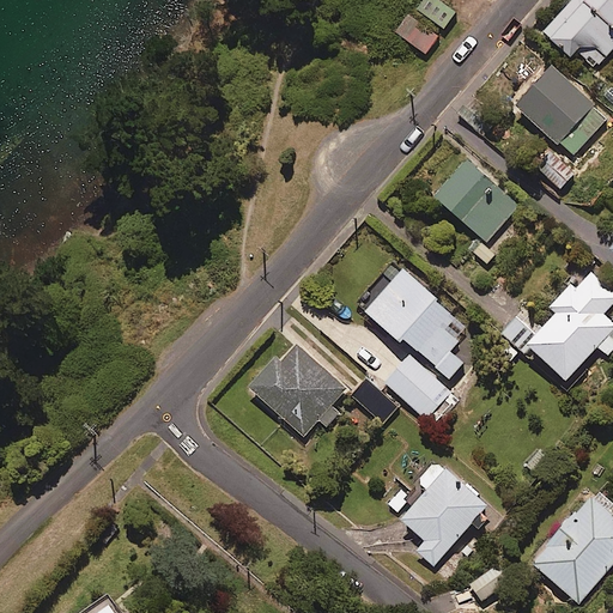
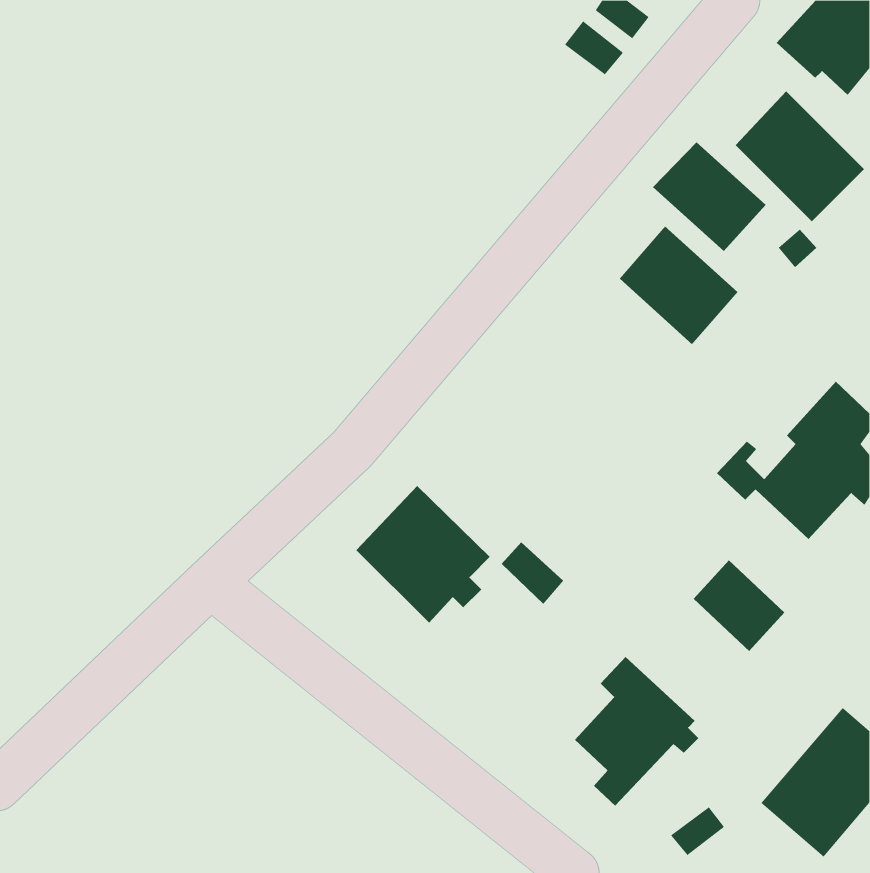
building: none -> [652,141,767,252]
building: [358,267,467,378] -> none
building: [384,354,449,419] -> [693,560,785,652]

